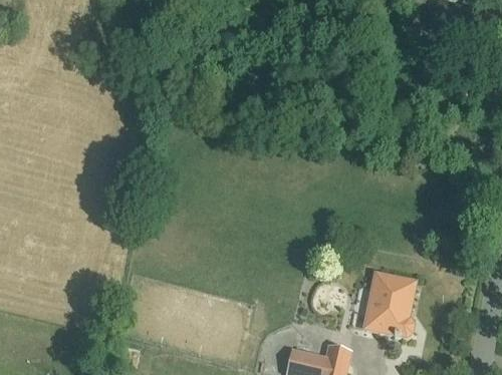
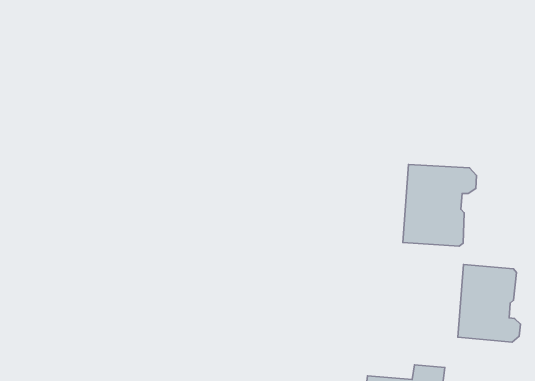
building: none -> [403,164,476,246]

